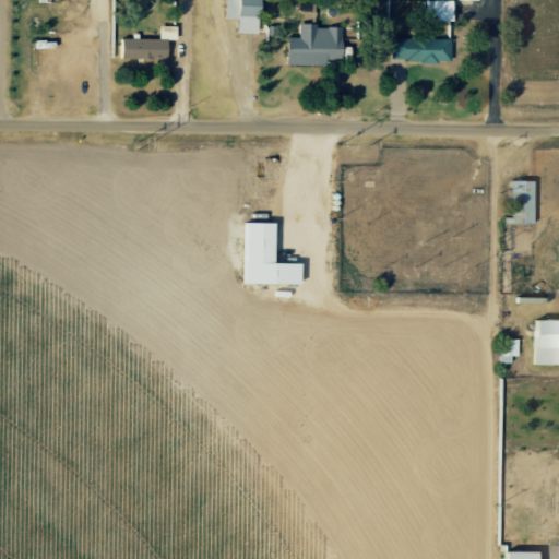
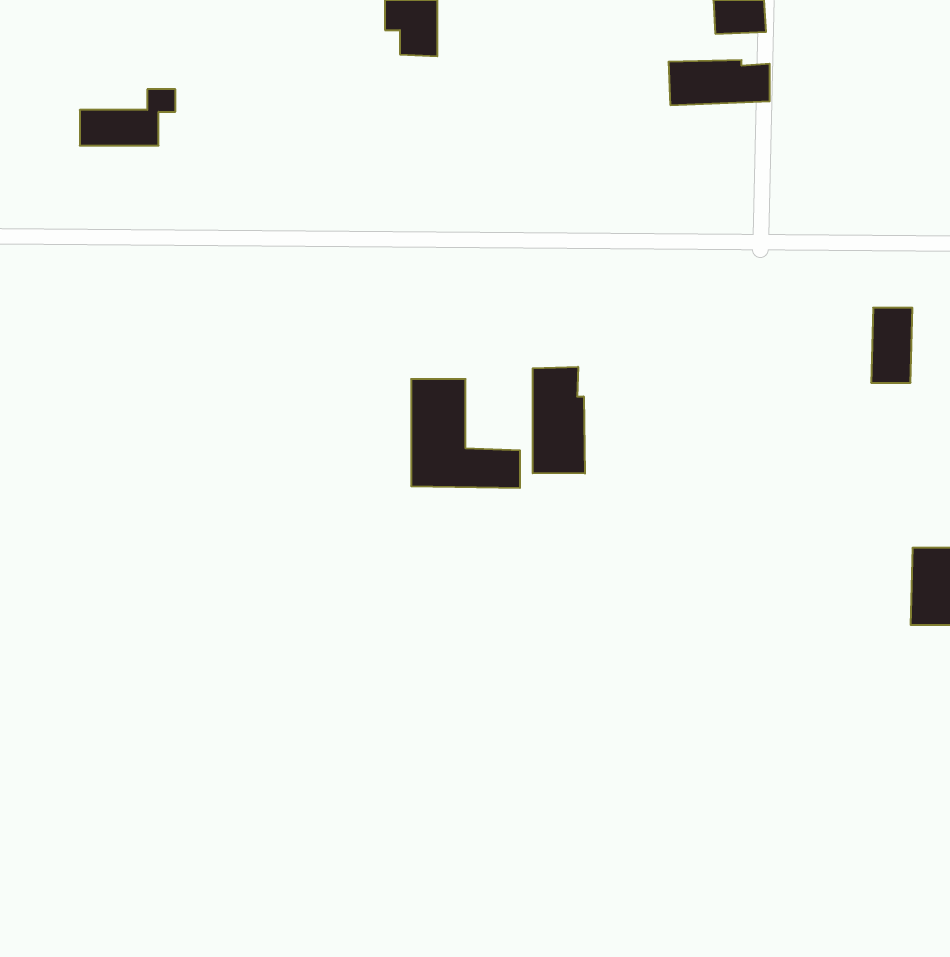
building: [289,23,344,64] -> none
building: [122,26,178,59] -> [80,89,175,146]
building: none -> [533,367,585,474]

